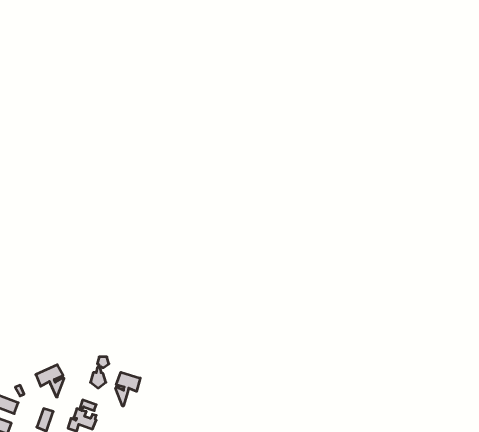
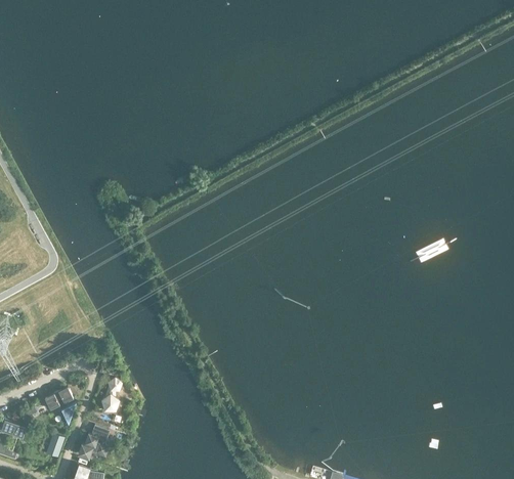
building: [116,372,140,406] -> none

